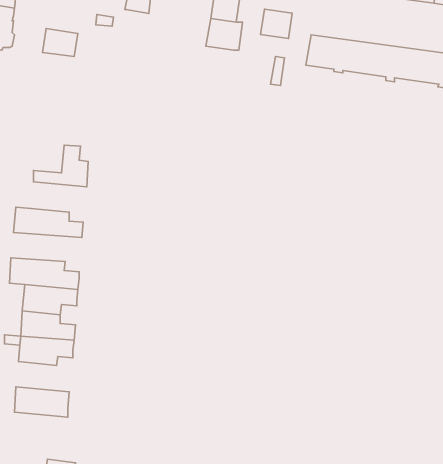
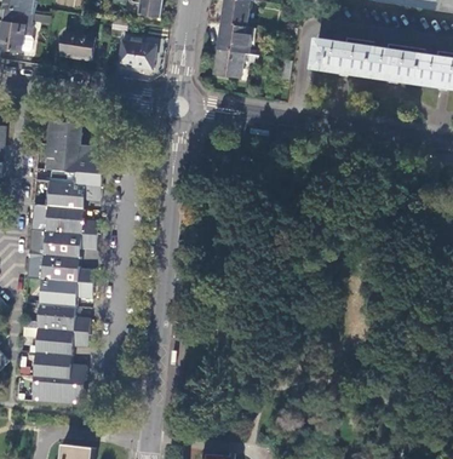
building: [261,9,292,38] -> [212,50,242,78]
building: none -> [120,45,156,69]
building: none -> [45,120,82,171]
building: none -> [48,179,102,208]
building: none -> [29,228,97,256]
building: none -> [34,351,86,380]

